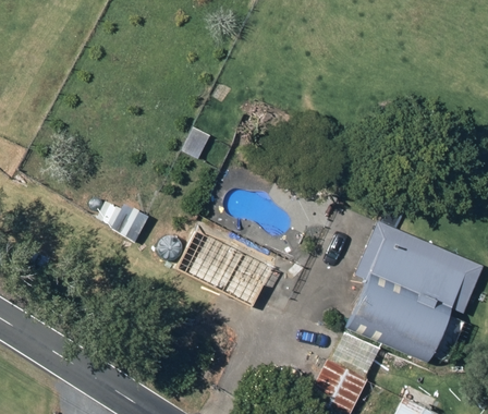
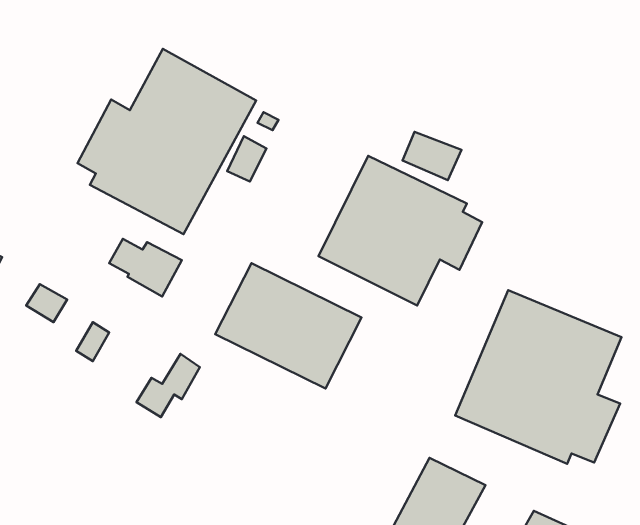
building: none -> [78,49,256,234]
building: none -> [319,156,482,306]

